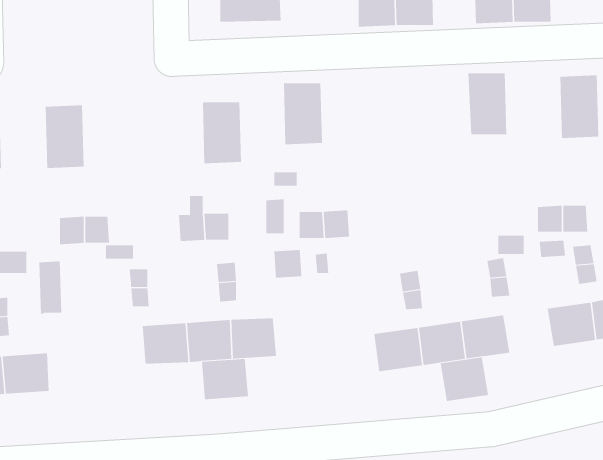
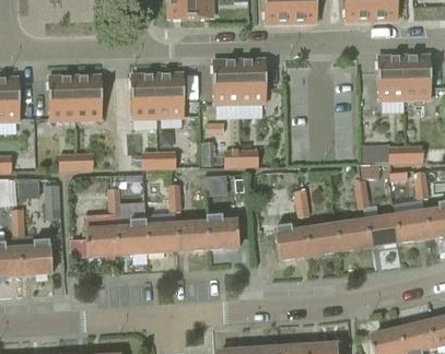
building: [467,73,507,135] -> [376,56,403,98]
building: none -> [238,59,266,102]
building: none -> [130,73,157,117]
building: none -> [74,75,102,118]
building: none -> [84,227,117,256]
building: [440,357,489,401] -> [364,215,398,246]
building: [201,358,249,400] -> [206,220,238,248]

